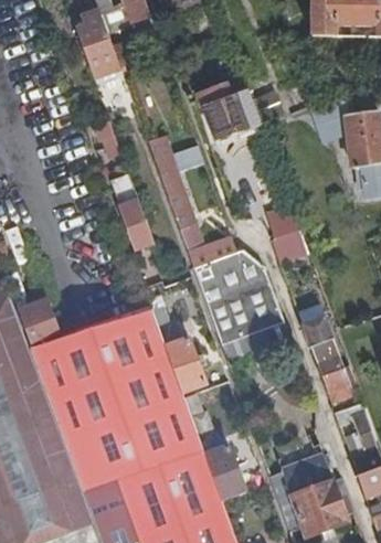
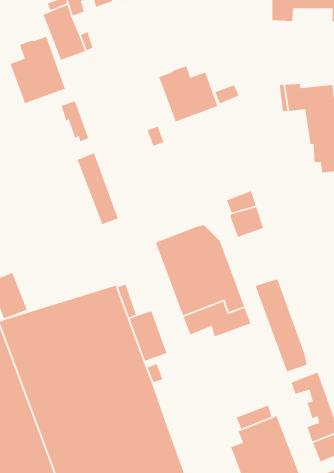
building: none -> [10,36,66,104]
building: [148,137,236,267] -> none
building: [205,446,246,501] -> none

